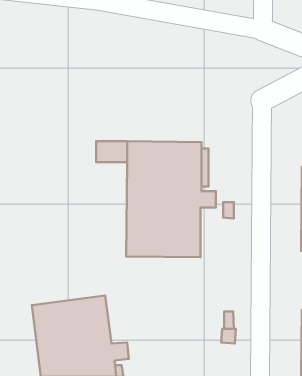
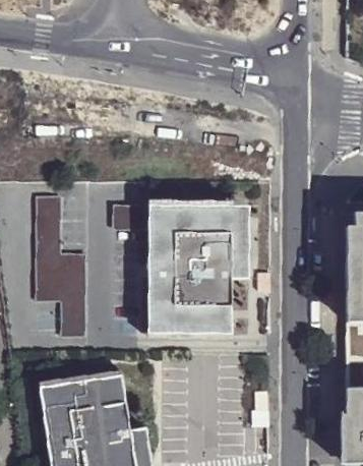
building: none -> [36,192,85,333]

